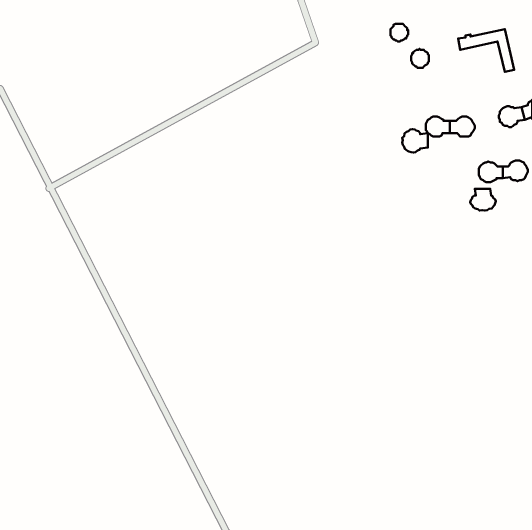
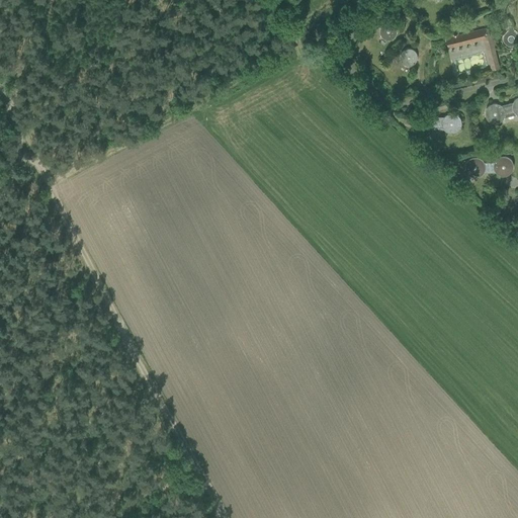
building: [402,129,428,153] -> none
building: [470,189,496,211] -> none

